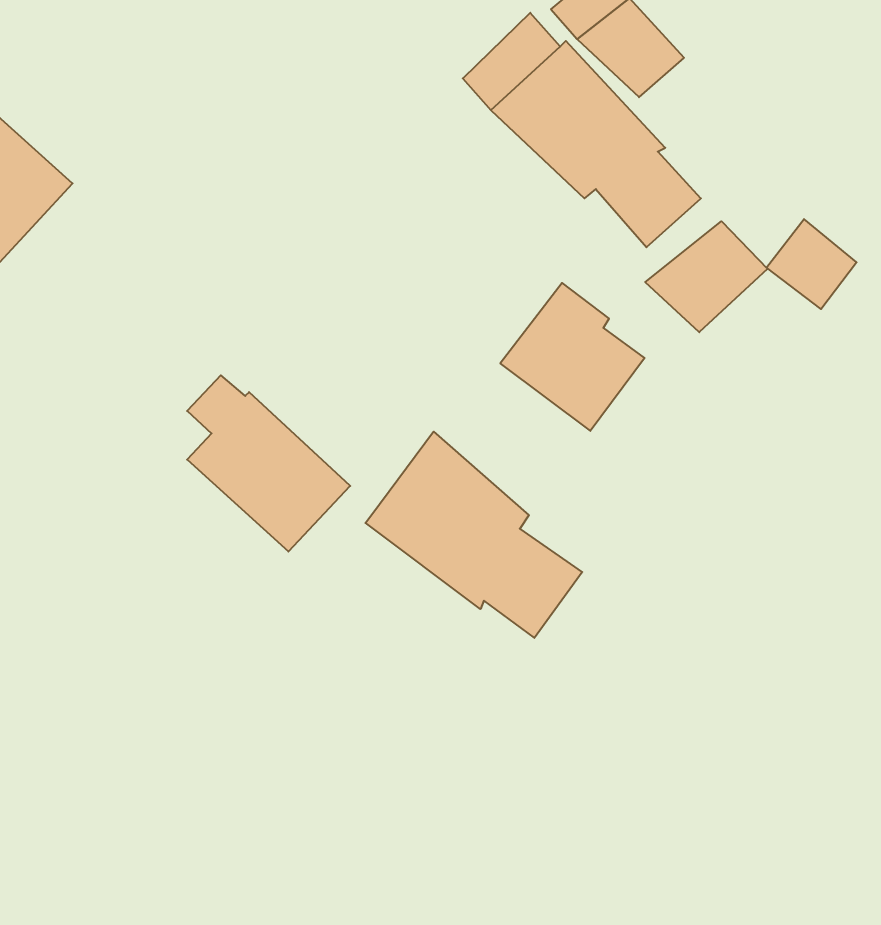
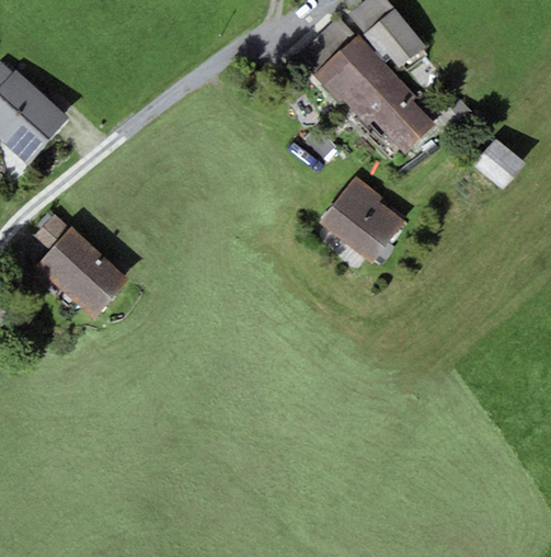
building: [645,221,767,332] -> none
building: [187,375,350,552] -> [34,215,129,318]
building: [365,432,582,638] -> none

